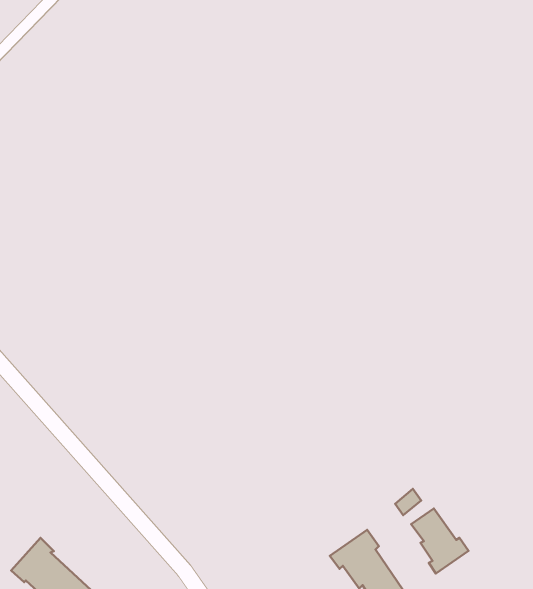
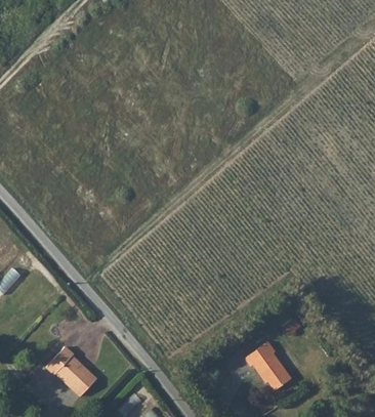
building: [411,508,468,573] -> none

